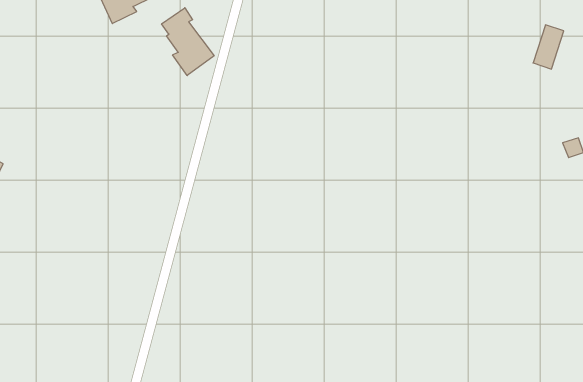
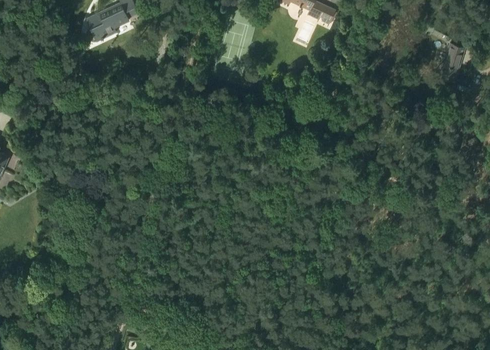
building: [162,8,214,76] -> none

